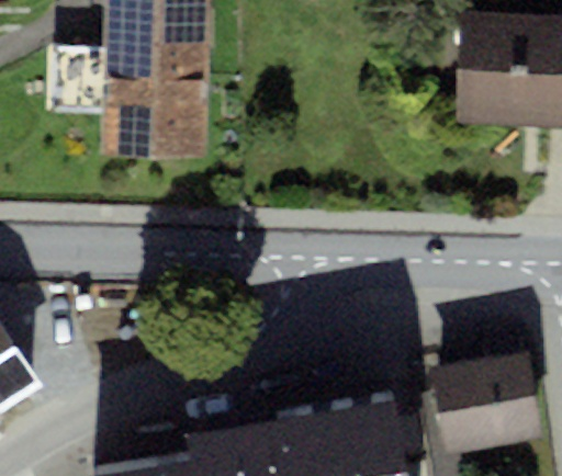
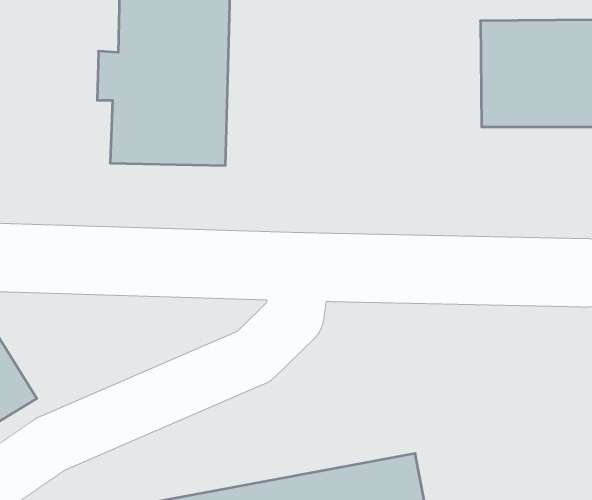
building: [429,360,537,446] -> none

